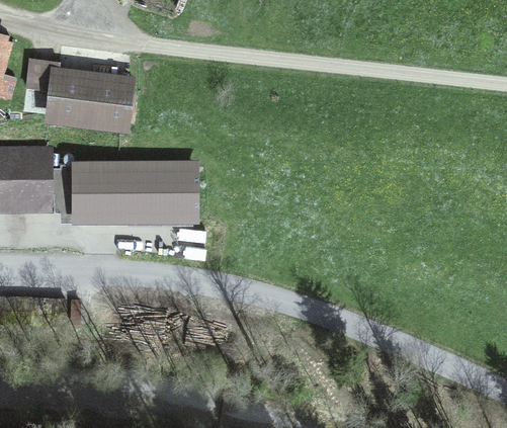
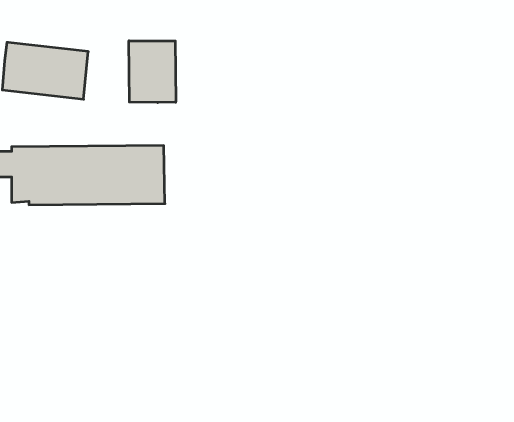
building: none -> [129,41,176,103]

